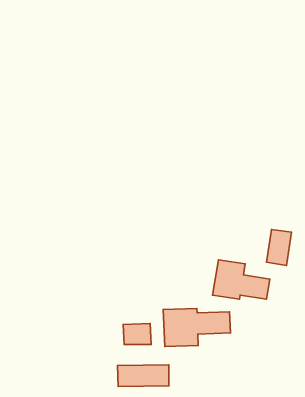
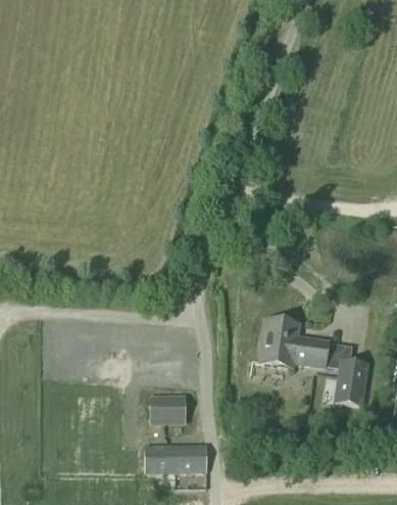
building: [266,229,292,266] -> [336,359,366,403]
building: [163,308,230,346] -> none

